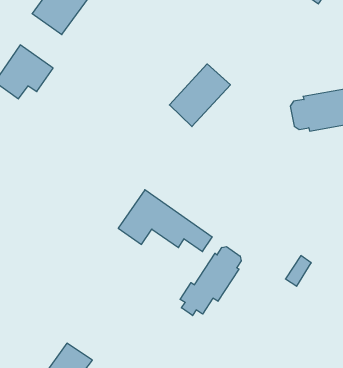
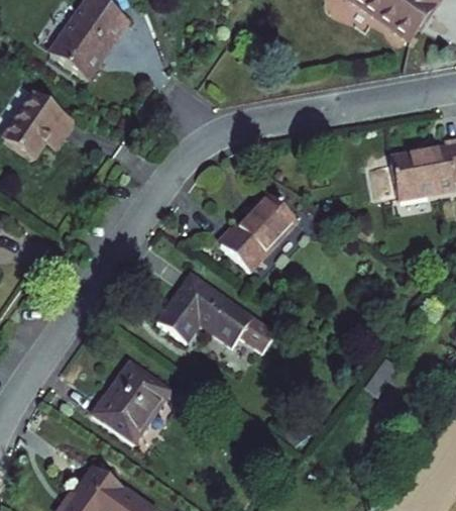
building: [169,64,230,127] -> [221,193,298,272]
building: [180,247,241,316] -> none
building: none -> [93,362,172,443]

